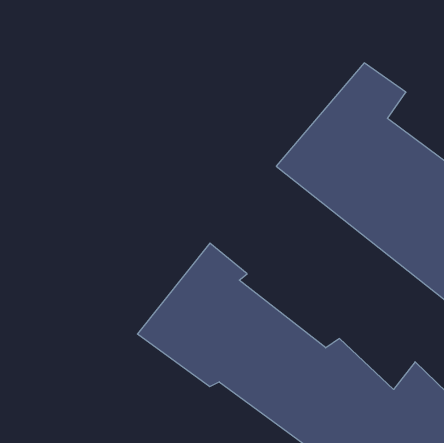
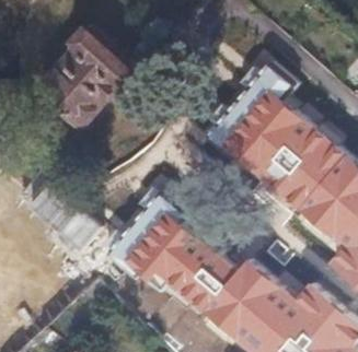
building: none -> [43,26,141,125]

